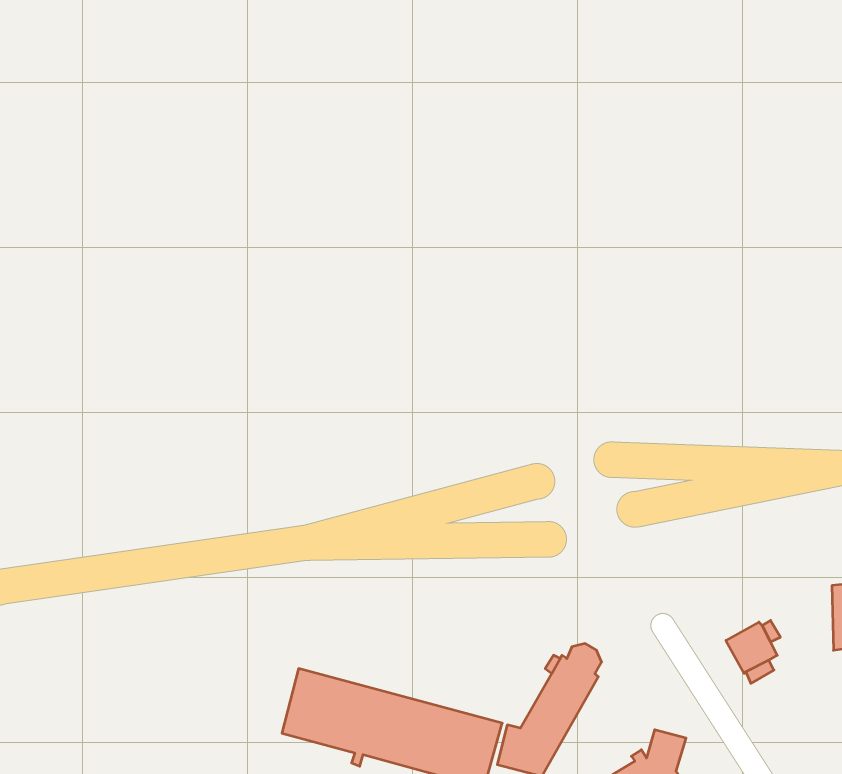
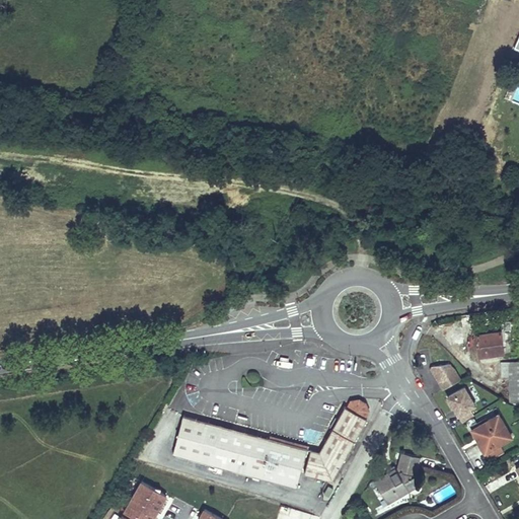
building: none -> [476,331,509,356]
building: none -> [429,365,461,392]
building: none -> [471,417,512,455]

